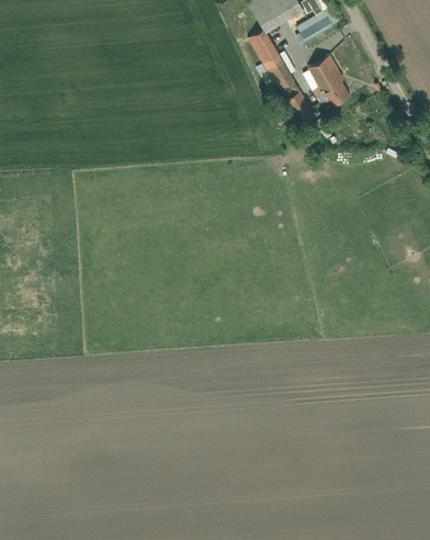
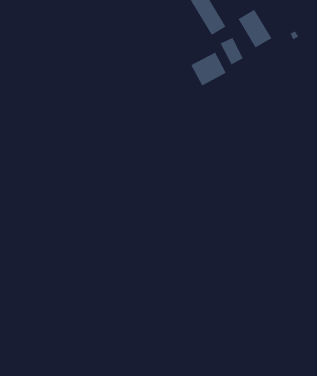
building: none -> [190,52,227,86]

